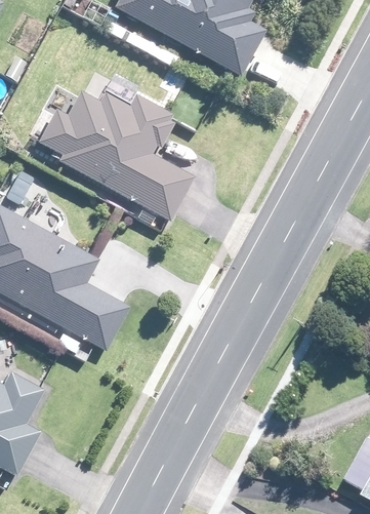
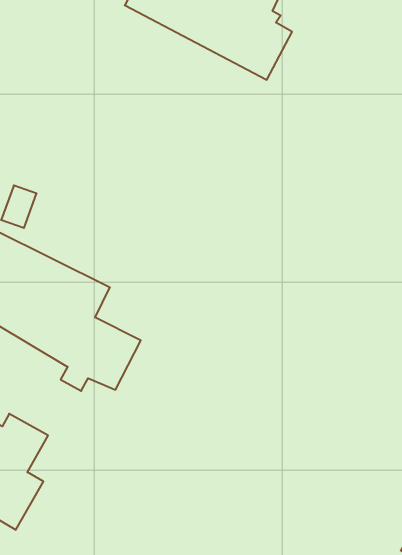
building: [39,88,194,220] -> none

